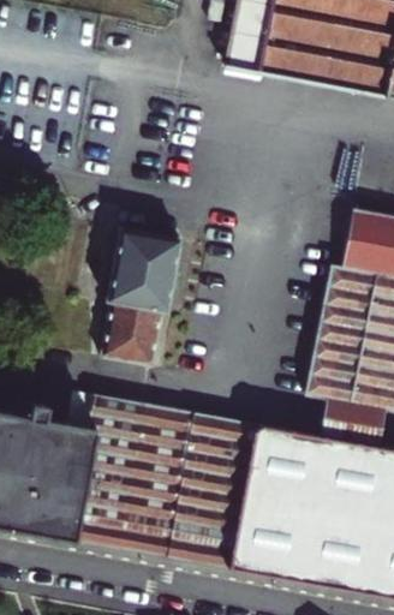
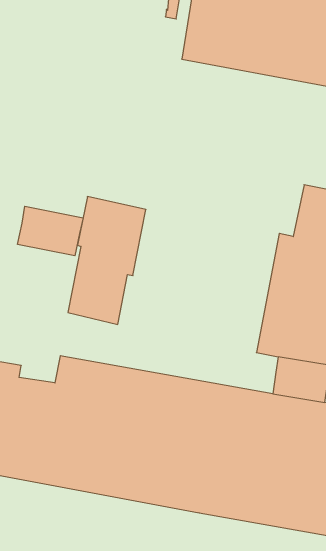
building: none -> [18,206,83,256]

